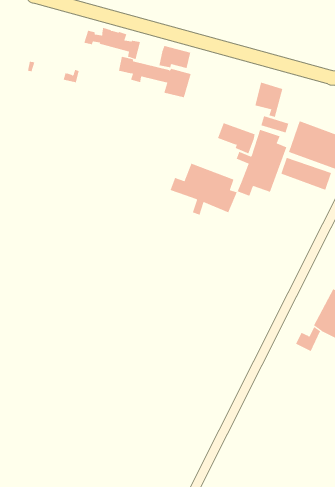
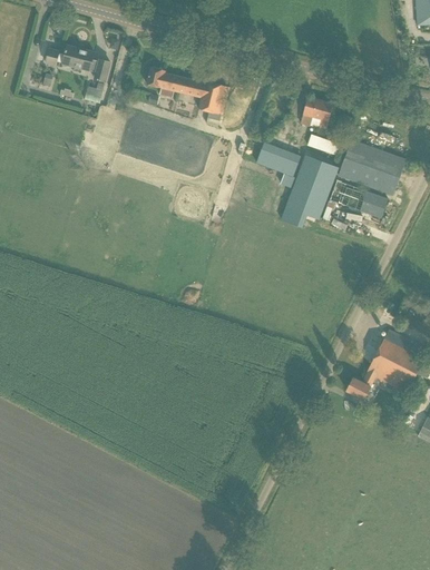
building: [84,27,141,60] -> [46,45,110,81]
building: [159,45,191,69] -> none
building: [170,163,237,216] -> none

